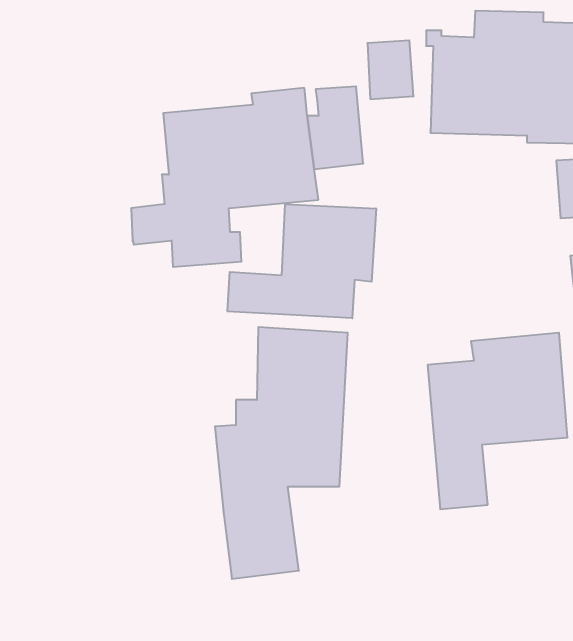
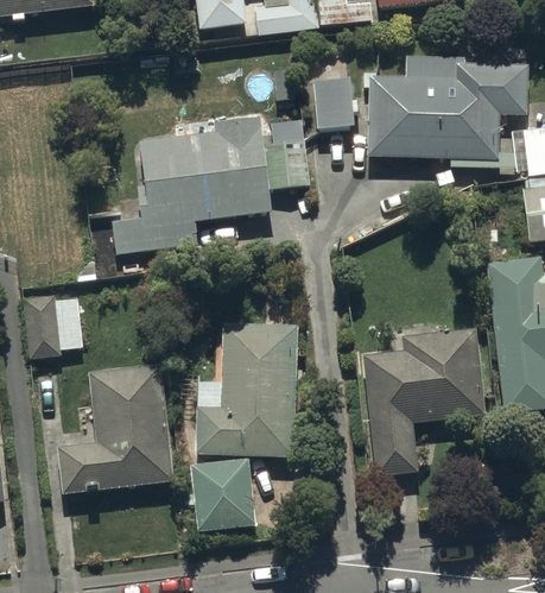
building: [228,204,376,318] -> none
building: none -> [24,292,83,355]
building: none -> [57,364,167,492]

